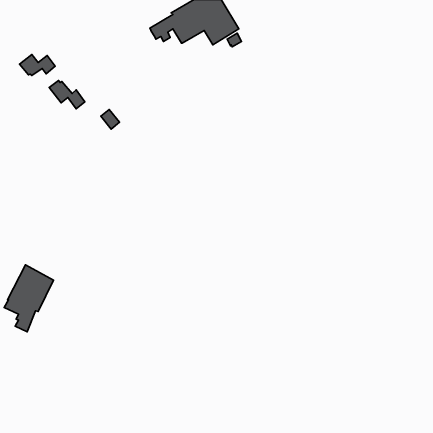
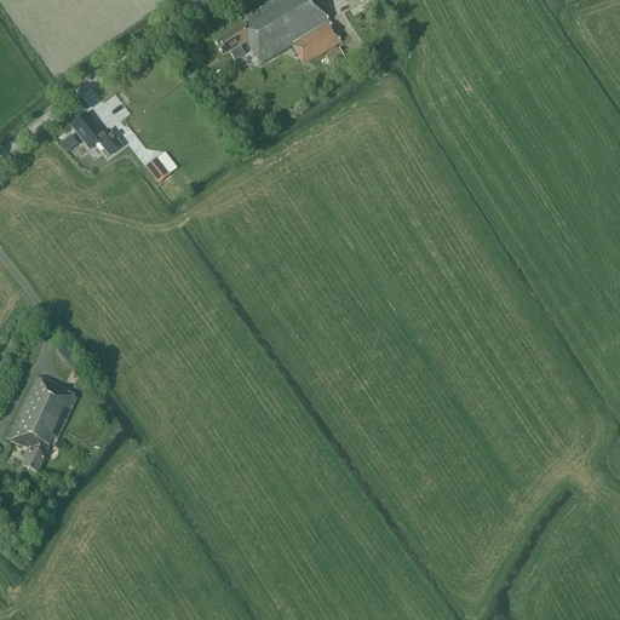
building: [20,55,55,76] -> none

